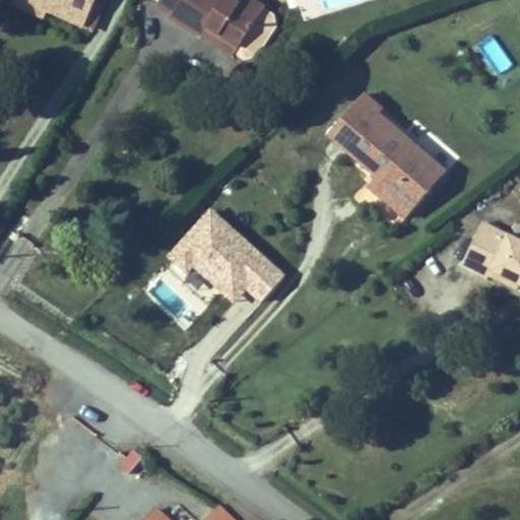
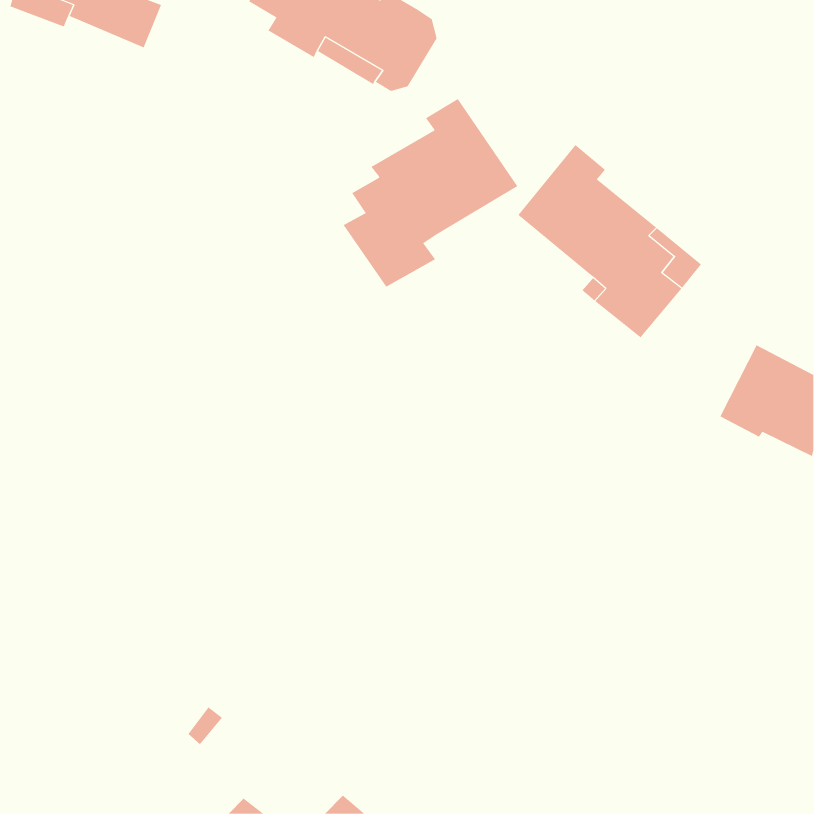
building: none -> [343,98,518,287]
building: [167,206,285,314] -> none

